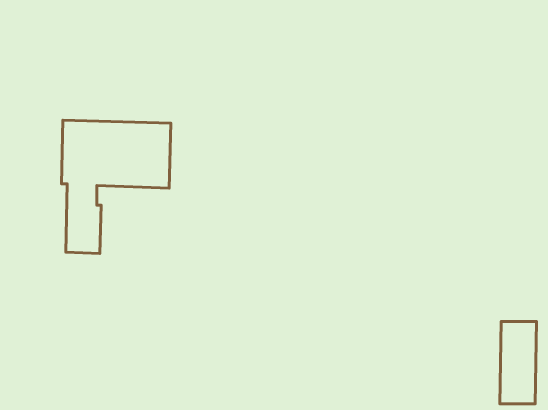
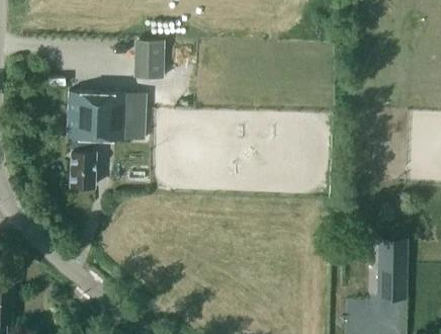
building: none -> [133,41,164,80]

